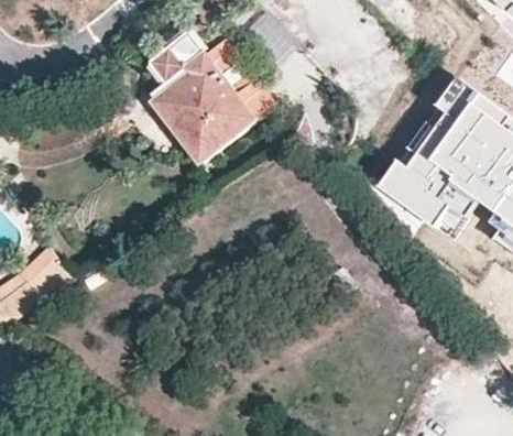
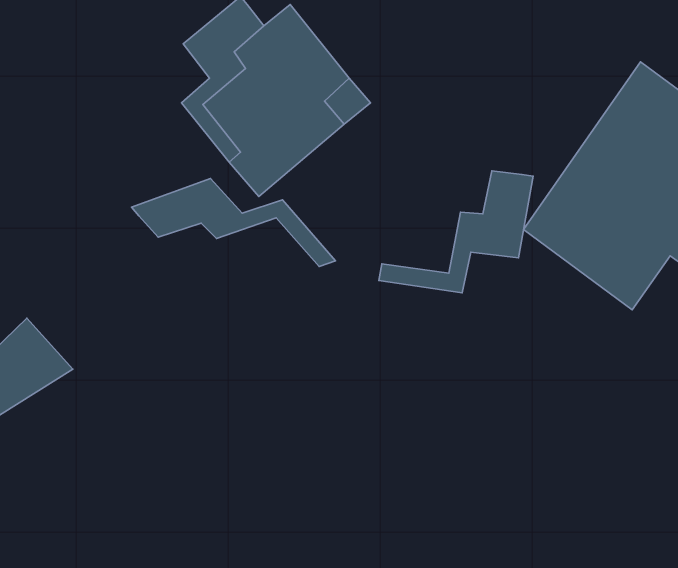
building: none -> [379,171,533,293]
building: none -> [131,179,336,266]

